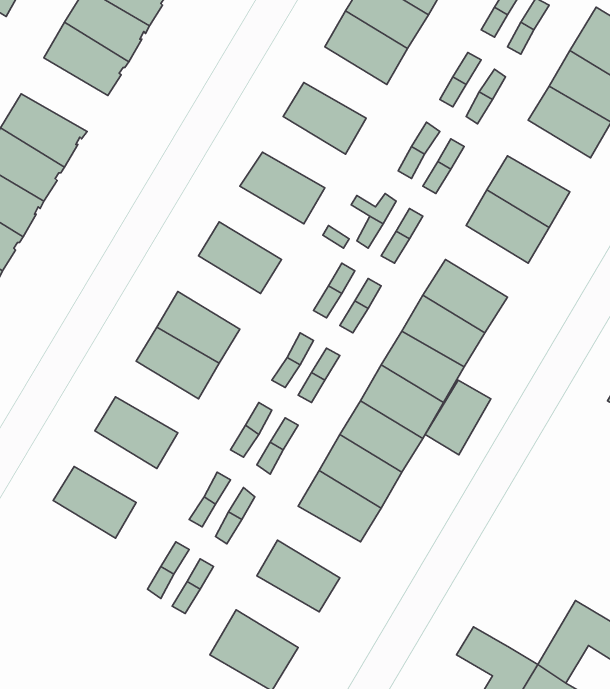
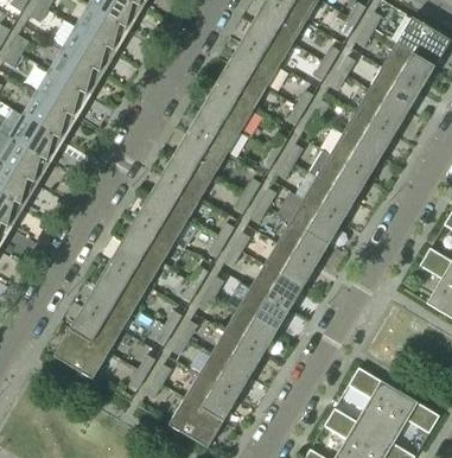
building: none -> [227,43,279,88]
building: none -> [49,50,103,96]
building: none -> [200,87,253,132]
building: none -> [355,89,407,134]
building: none -> [173,131,227,177]
building: none -> [316,155,368,201]
building: none -> [147,174,199,221]
building: none -> [108,241,160,286]
building: [425,380,491,455] -> none
building: none -> [82,285,134,330]
building: none -> [52,329,108,380]
building: none -> [210,332,262,377]
building: none -> [346,368,397,432]
building: none -> [184,376,236,421]

